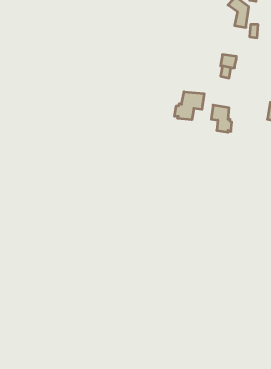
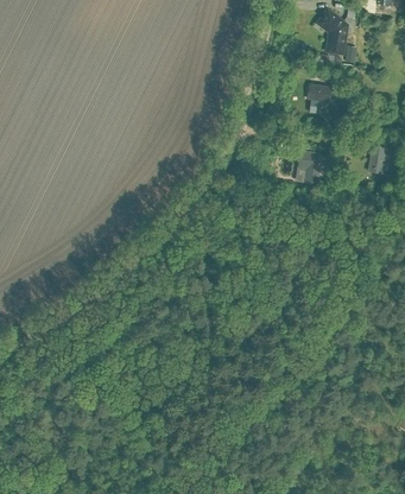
building: [175,92,204,120] -> none

